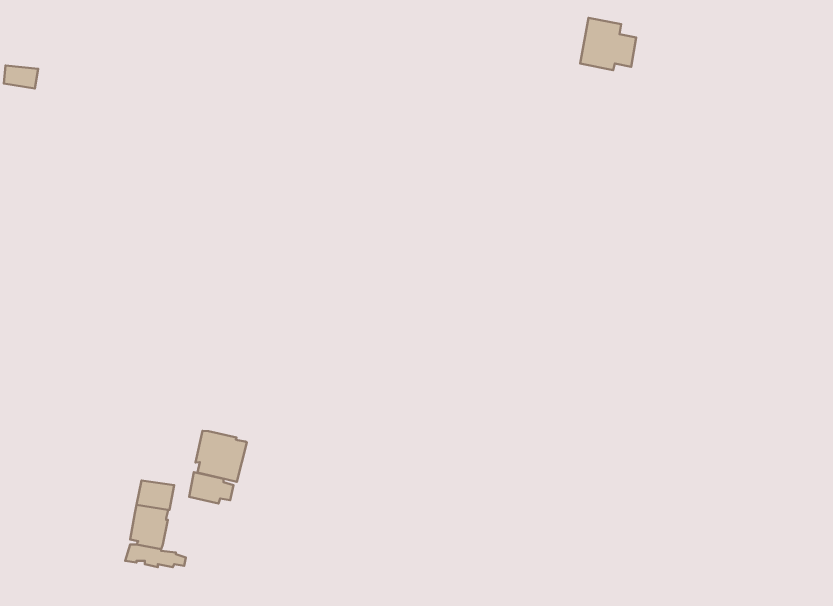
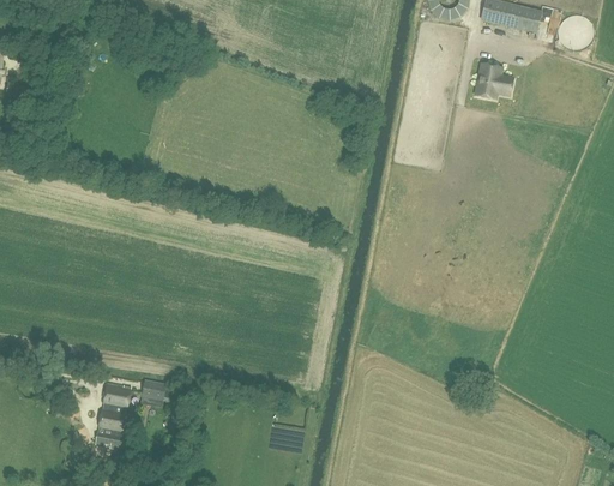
building: [580,18,636,70] -> [474,61,514,100]
building: [195,431,247,482] -> none

